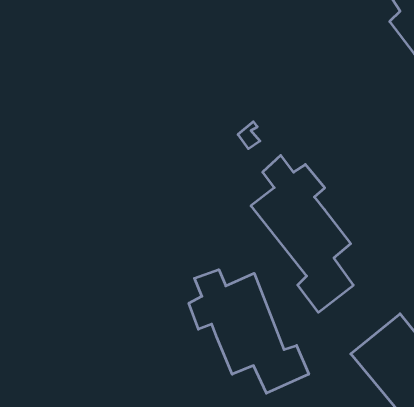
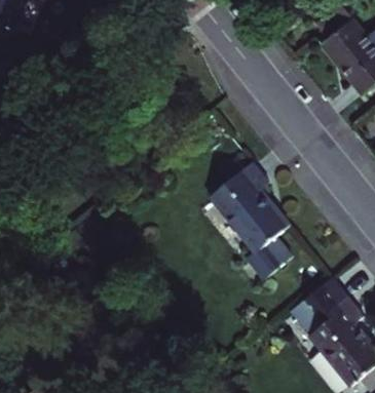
building: [189,270,309,393] -> none

